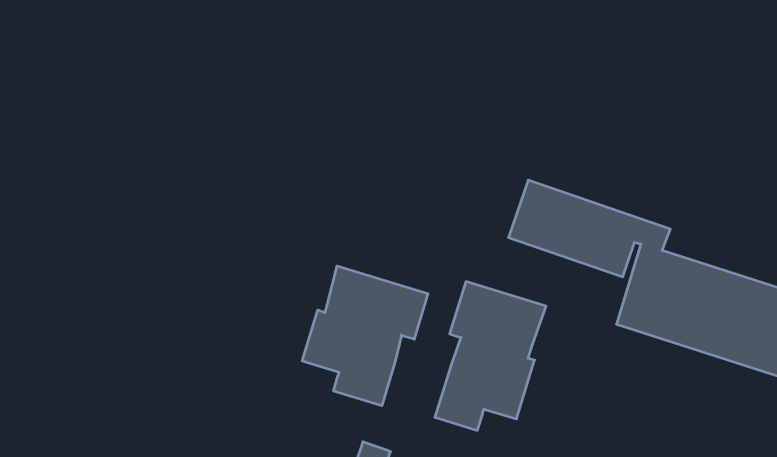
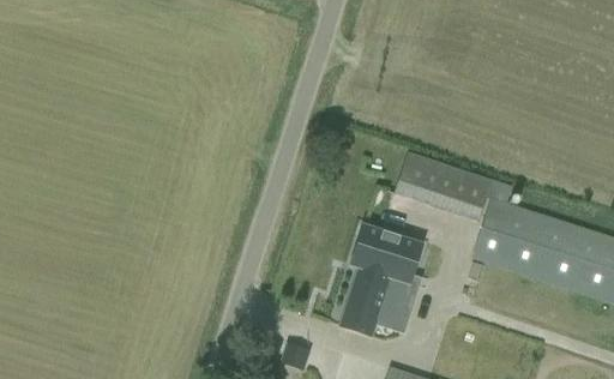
building: [302,266,428,406] -> none

